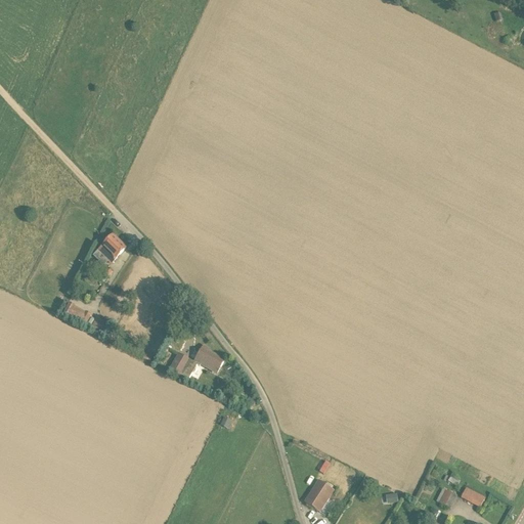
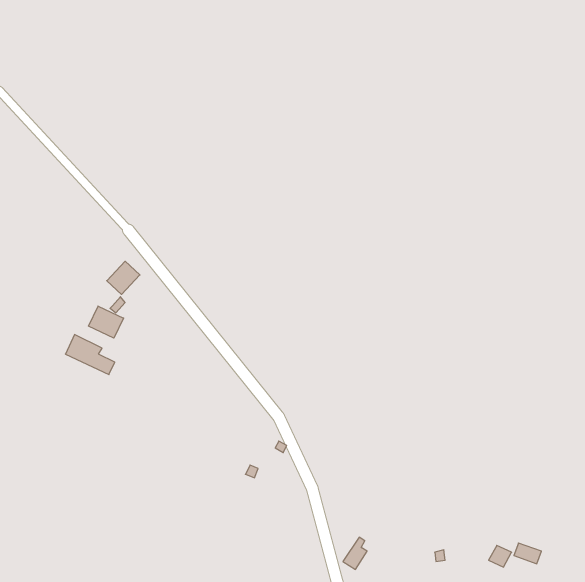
building: none -> [88,306,124,338]
building: [169,345,223,379] -> none

